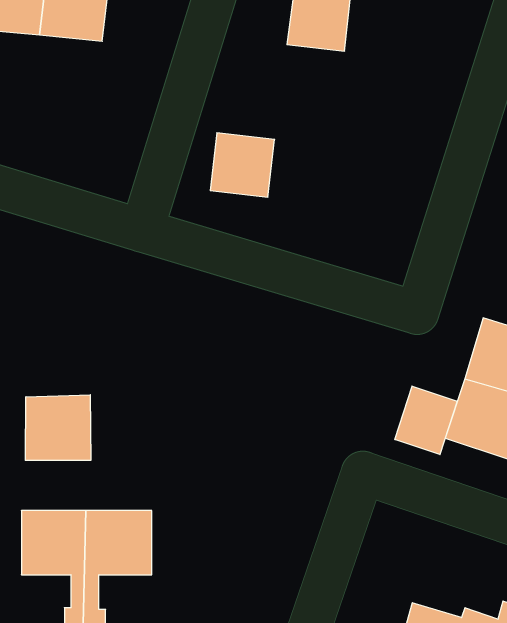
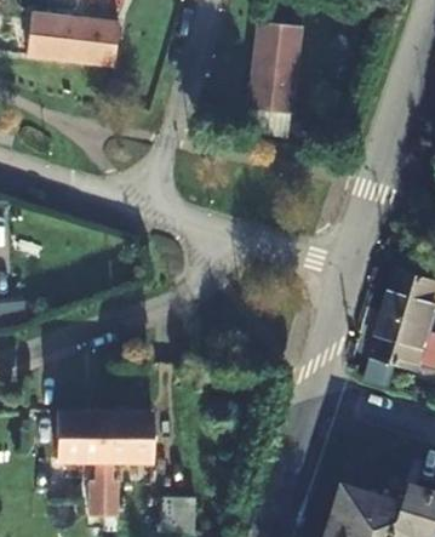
building: [210,133,275,197] -> [247,68,294,115]
building: [395,386,457,455] -> none
building: [25,395,91,460] -> none

